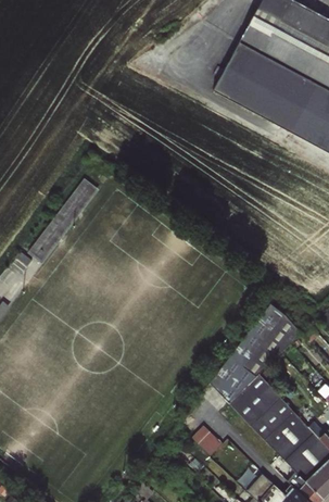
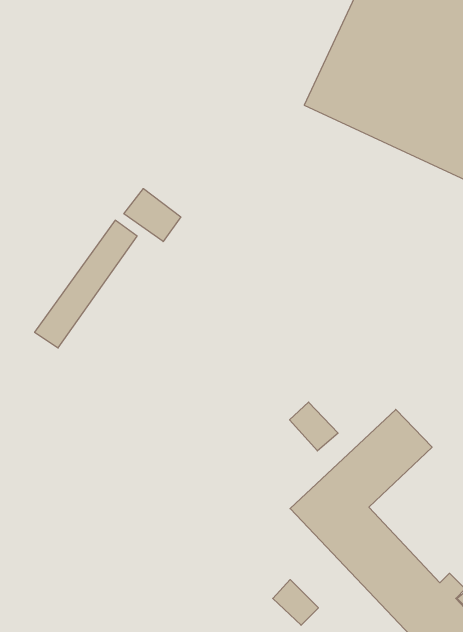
building: none -> [124,189,181,242]
building: none -> [290,402,338,451]

